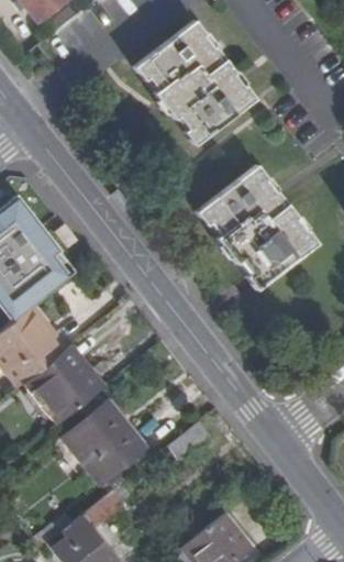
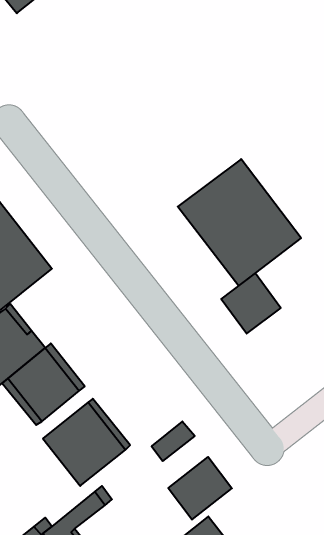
building: [136,21,255,145] -> none
building: none -> [221,273,281,334]
building: none -> [168,457,232,520]

